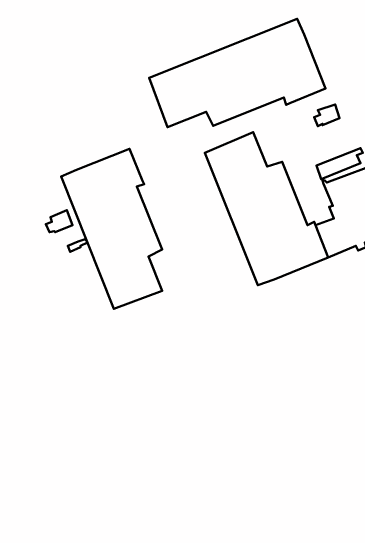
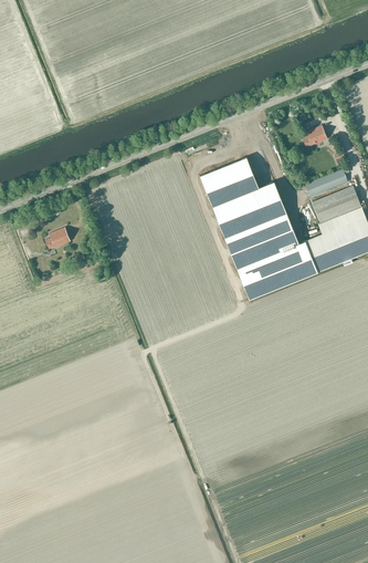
building: [149,19,325,127] -> none
building: [61,149,162,309] -> none

